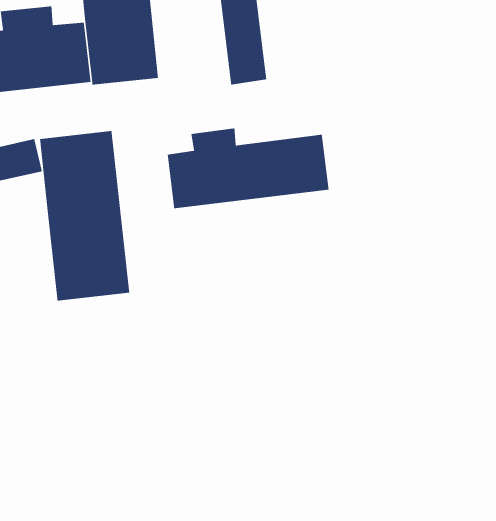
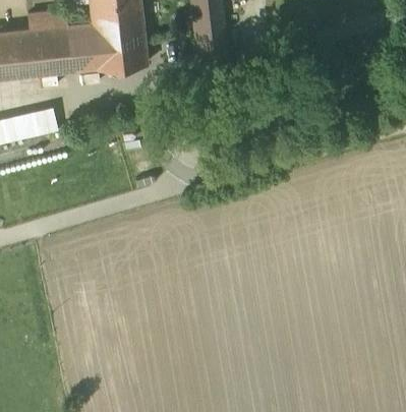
building: [167,128,330,209] -> none
building: [39,130,130,301] -> none

